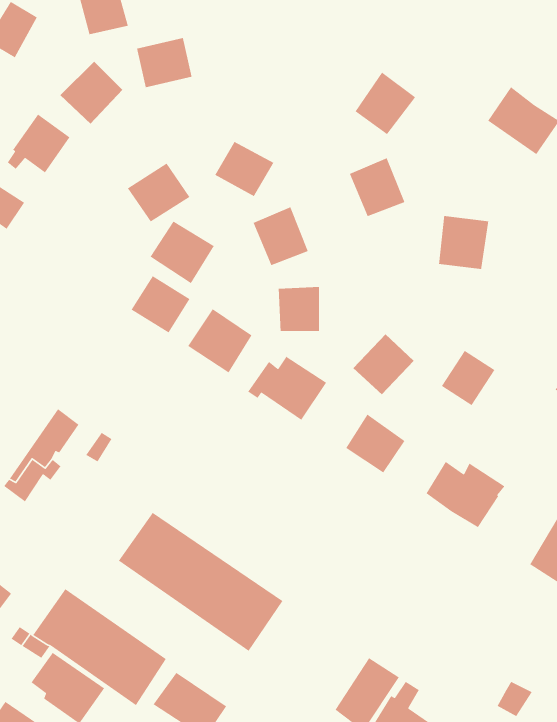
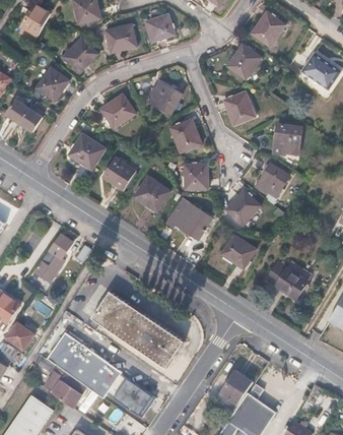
building: none -> [251,11,285,46]
building: none -> [145,13,174,41]
building: [149,220,215,284] -> [68,133,105,169]
building: [441,350,495,406] -> [258,164,288,195]

